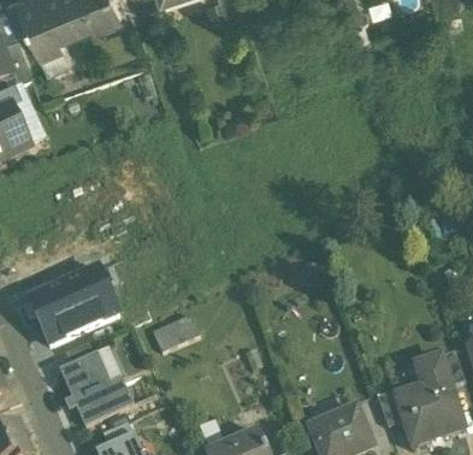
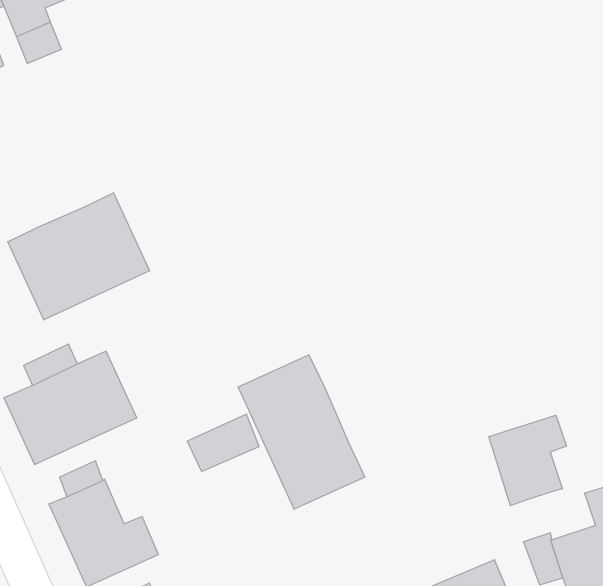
building: none -> [8,193,150,320]
building: none -> [238,355,365,509]
building: none -> [489,415,566,506]

